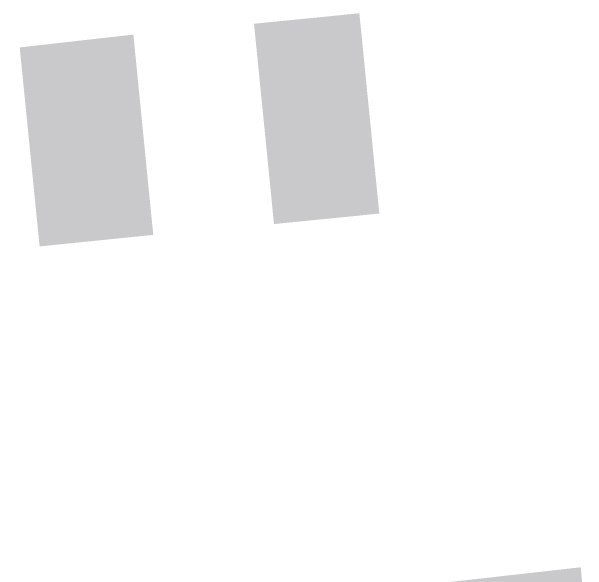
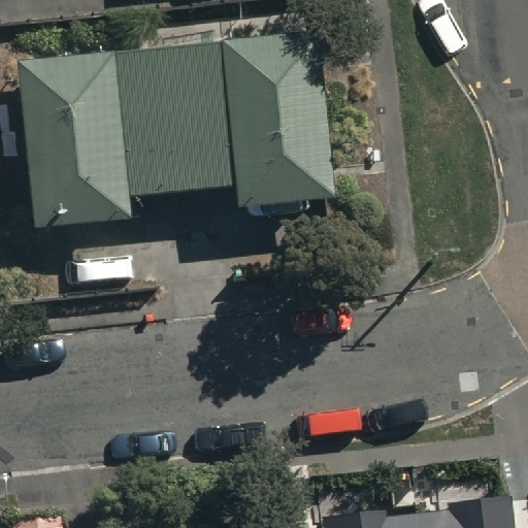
building: none -> [118,37,236,191]

